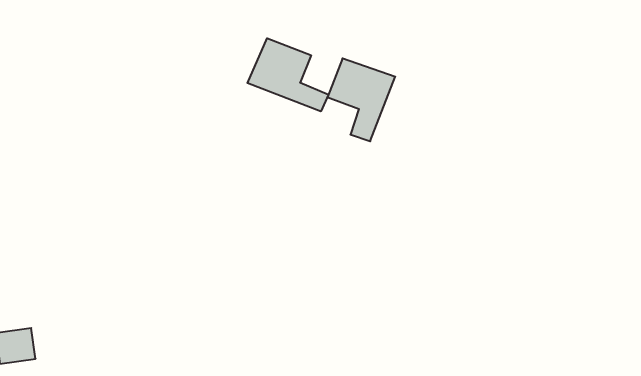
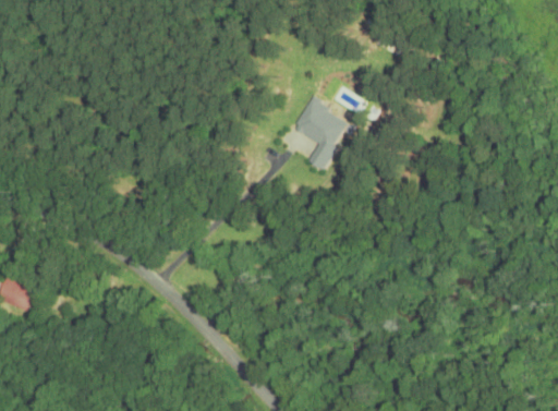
building: [247,38,328,111] -> none

